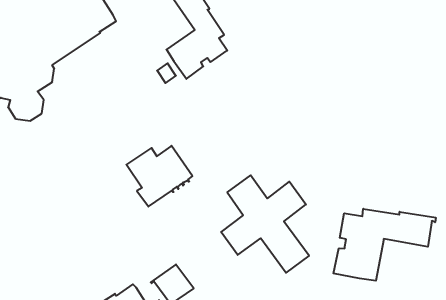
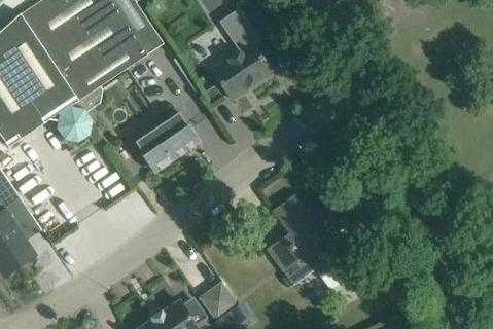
building: [126,146,192,207] -> [134,111,199,171]
building: [333,209,436,281] -> none

